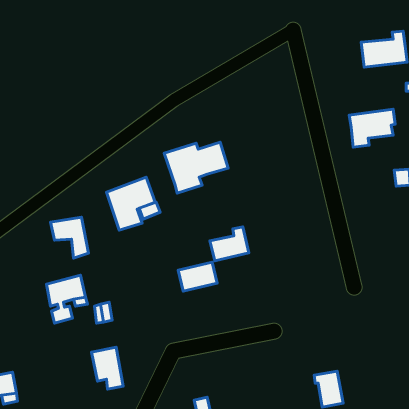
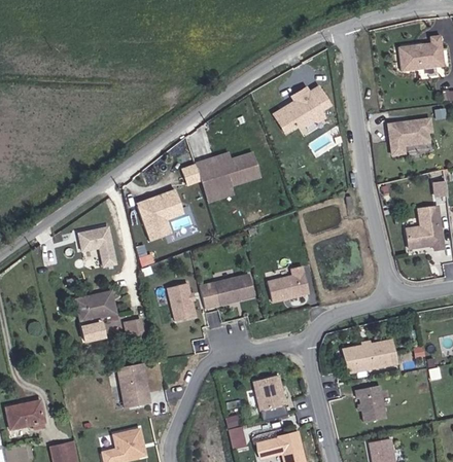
building: none -> [273,85,334,135]
building: none -> [404,209,441,252]
building: [210,227,249,261] -> [265,268,305,303]
building: none -> [164,282,193,321]
building: none -> [340,341,391,374]
building: none -> [249,376,281,411]

